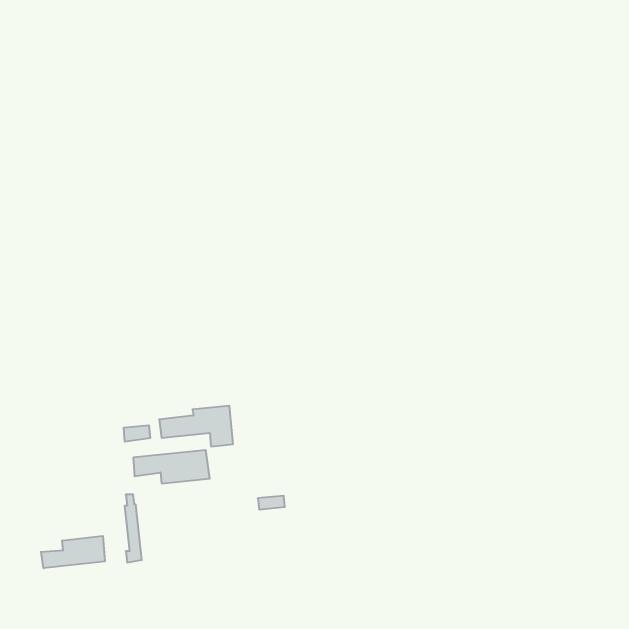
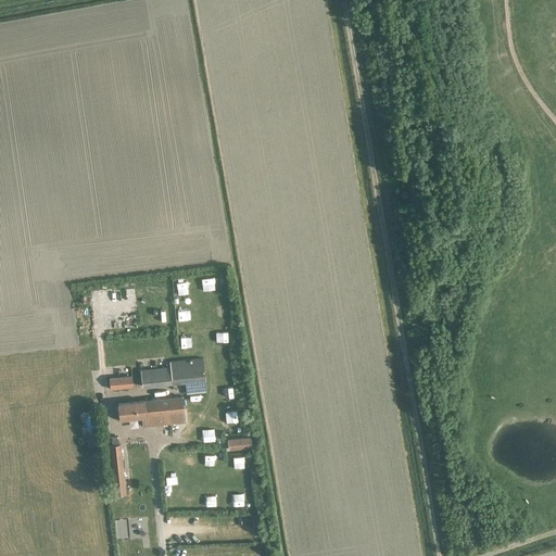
building: [41,536,105,568] -> none

